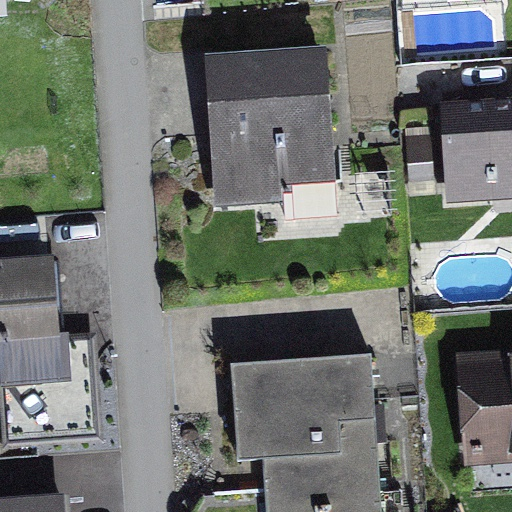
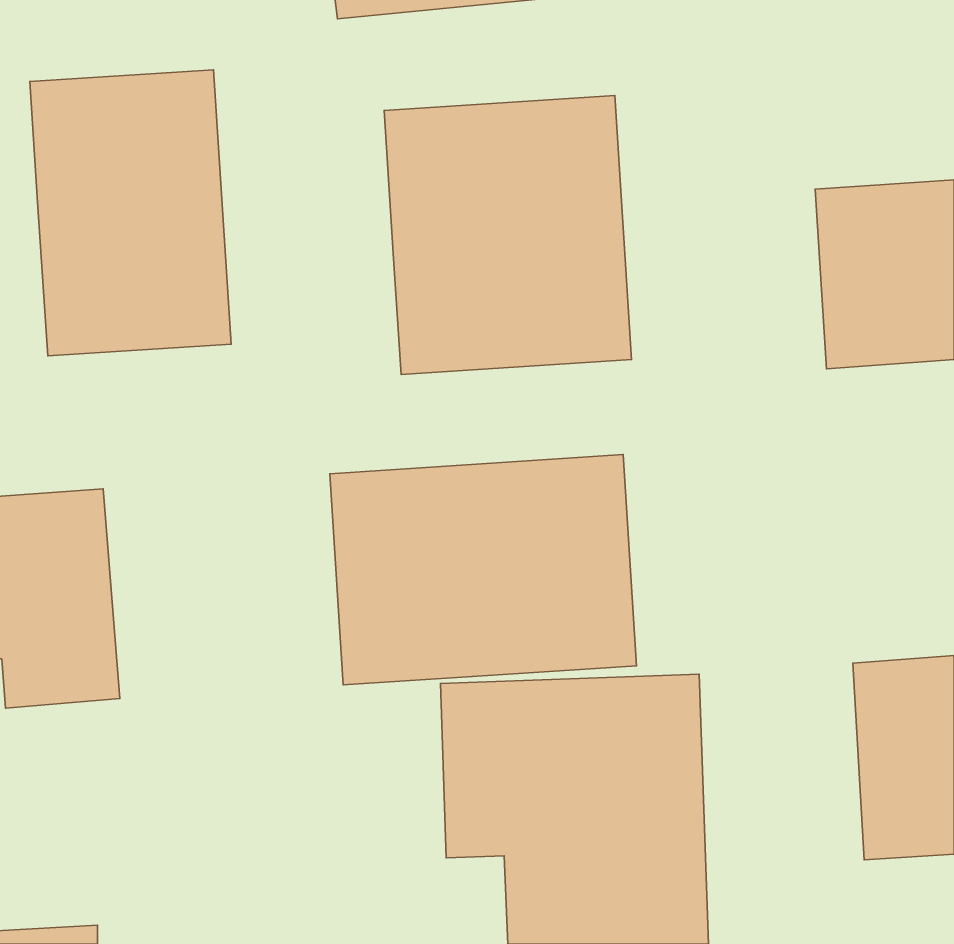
building: none -> [30,70,231,356]
building: none -> [330,455,637,685]

